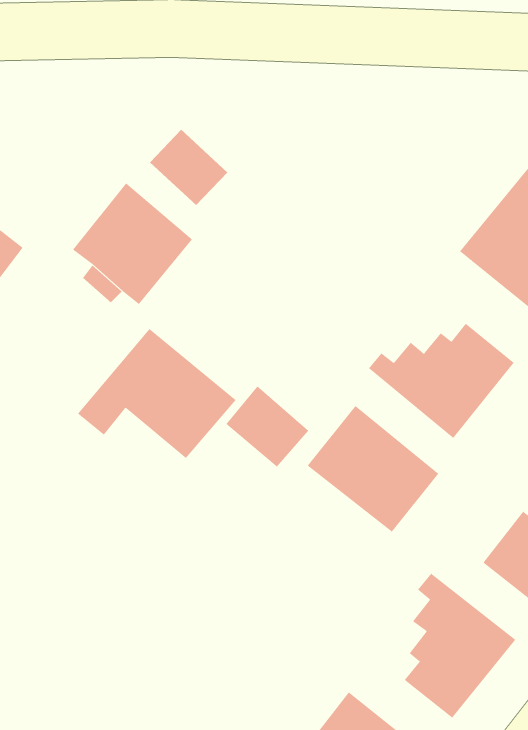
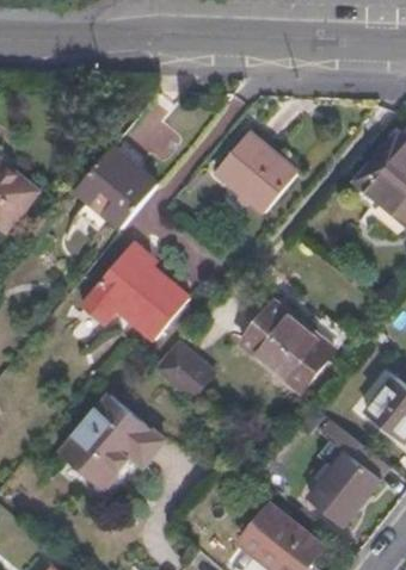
building: none -> [215,132,299,215]
building: [368,323,514,439] -> none
building: [225,385,309,468] -> [155,345,215,403]
building: none -> [59,394,165,491]

